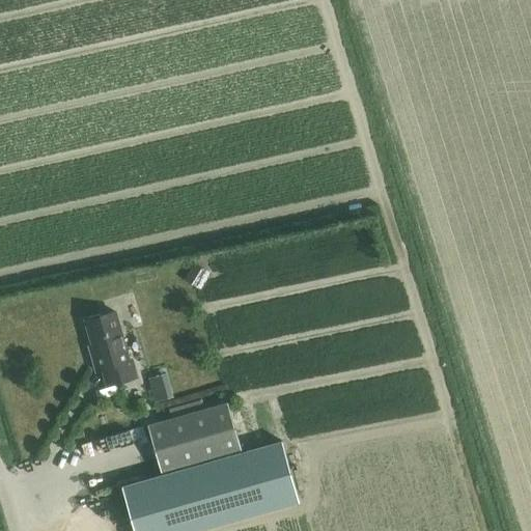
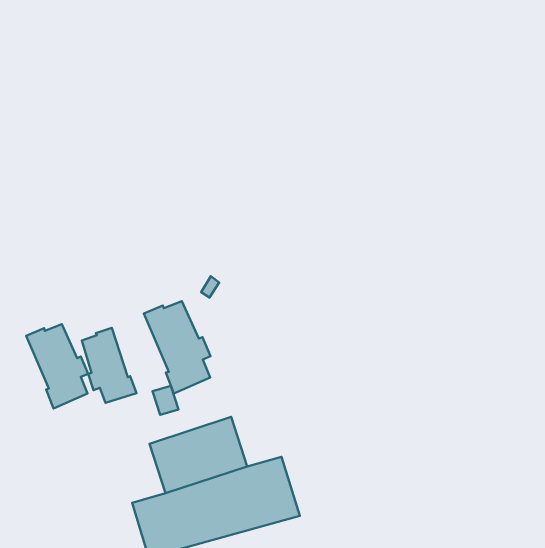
building: none -> [144,301,211,394]
building: none -> [26,324,88,408]

